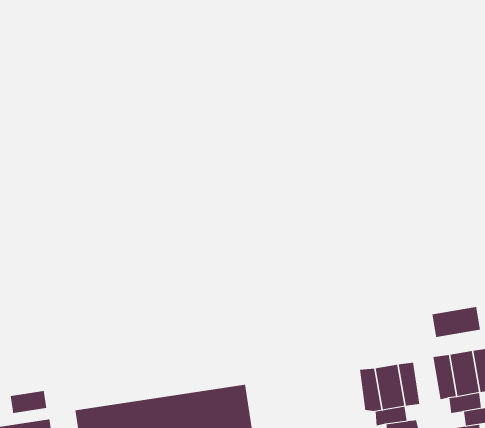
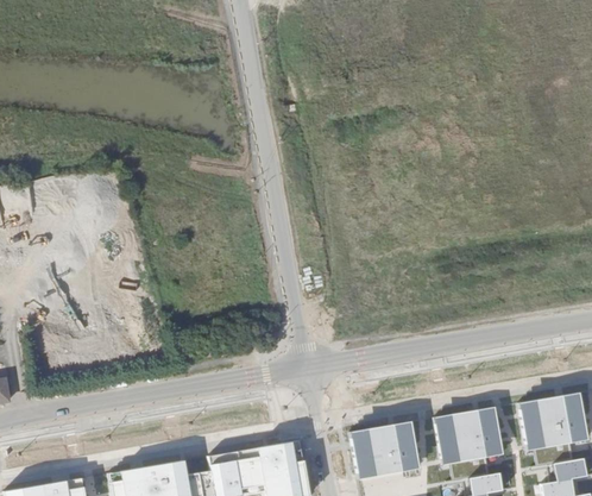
building: [432,306,481,338] -> none
building: none -> [345,420,415,478]
building: [10,390,47,414] -> none

